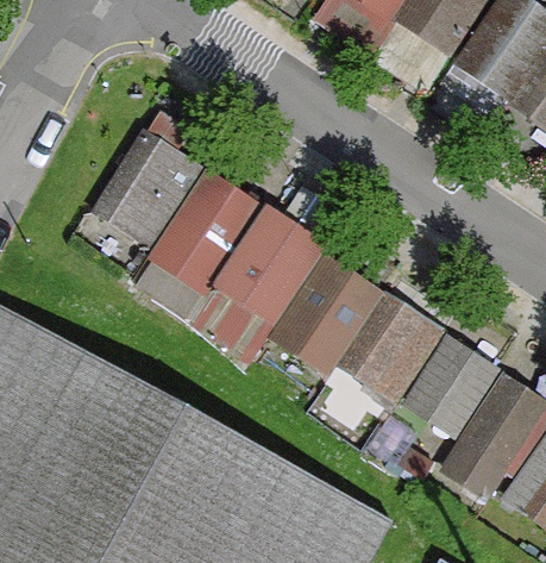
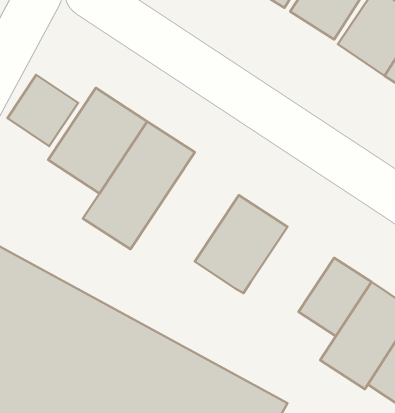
building: none -> [7,75,78,146]
building: [194,202,339,368] -> none
building: [347,298,453,406] -> none

